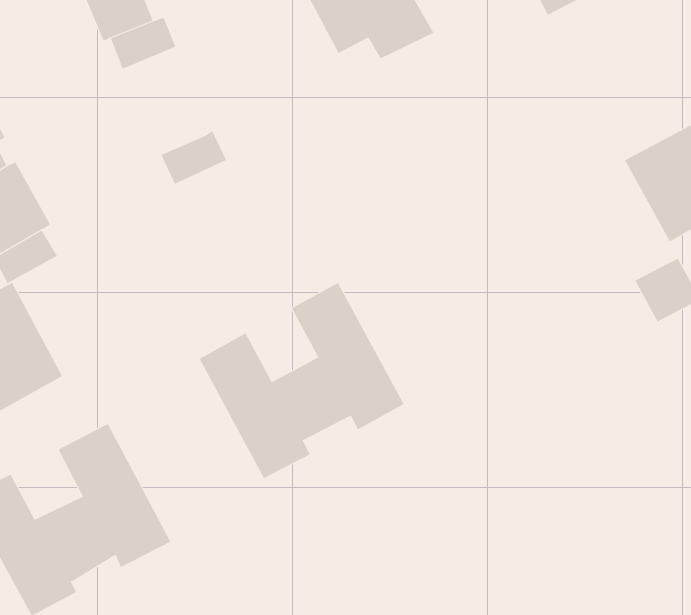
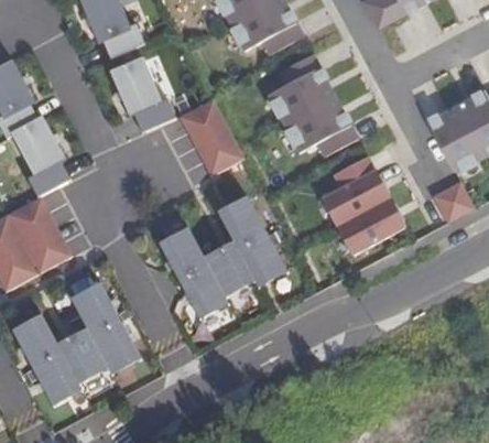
building: none -> [269,53,359,154]
building: none -> [108,57,161,116]
building: none -> [181,98,244,174]
building: none -> [323,153,406,252]

